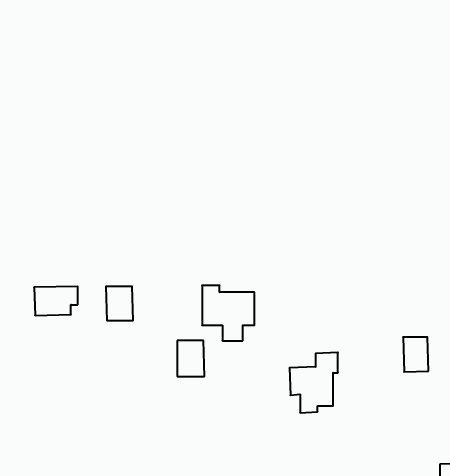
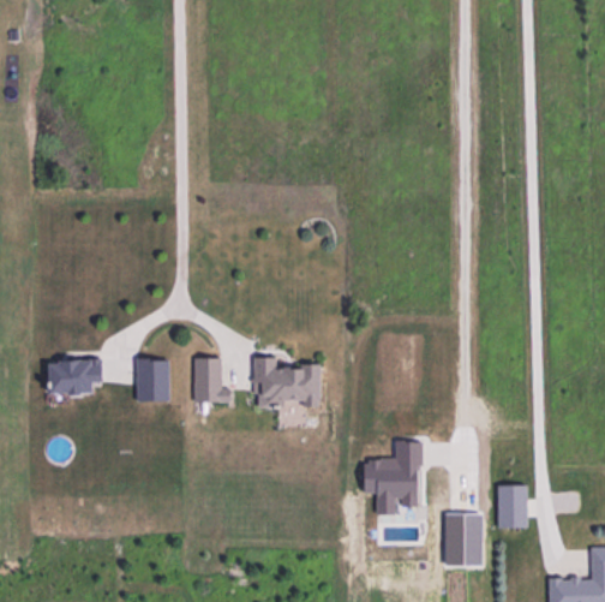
building: [403,337,428,372] -> [497,484,528,528]
building: [177,341,204,376] -> [193,357,227,401]
building: none -> [445,512,483,566]

